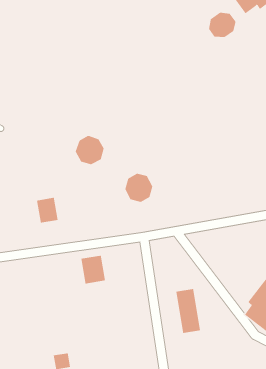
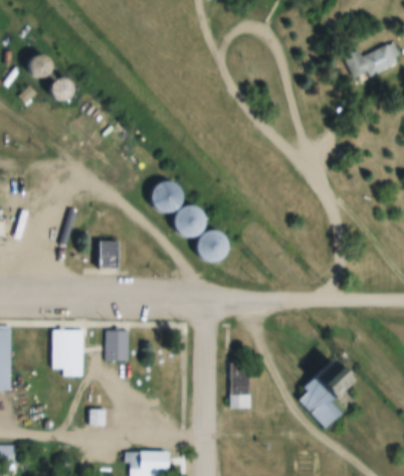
building: [209,12,236,38] -> none
building: none -> [171,205,203,236]
building: [81,255,106,284] -> [105,331,128,359]
building: none -> [51,331,81,367]

